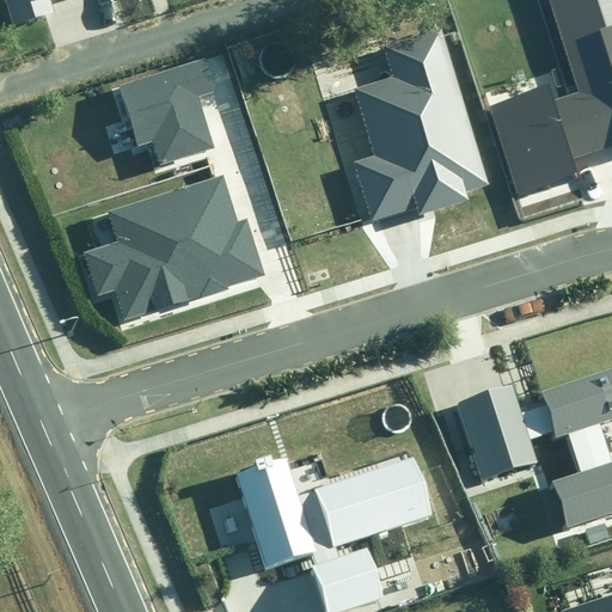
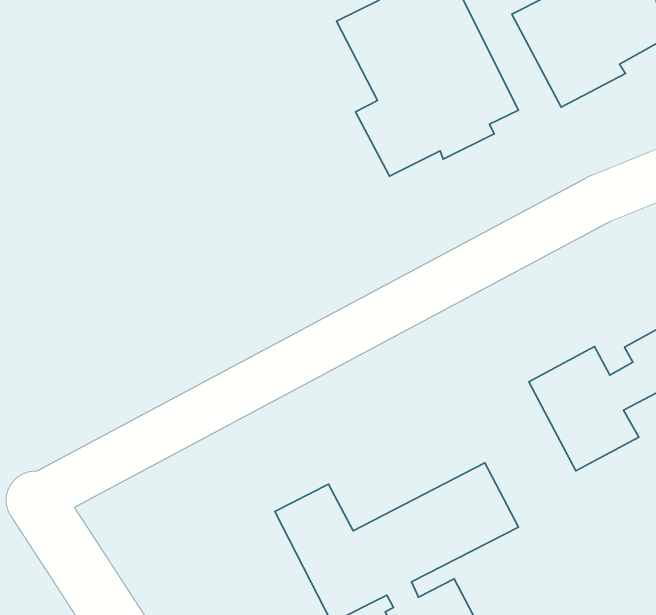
building: [121,61,215,160] -> none
building: [86,178,264,320] -> none

